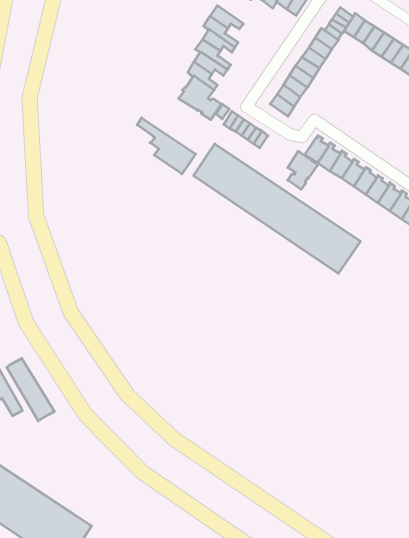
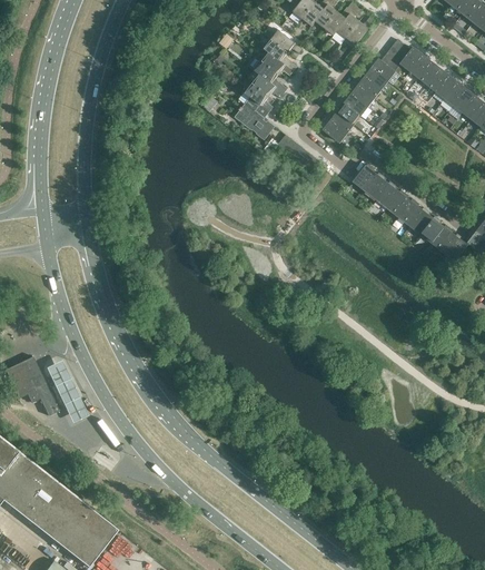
building: [137,118,196,174] -> none
building: [194,144,360,273] -> none
building: [288,151,318,189] -> none

